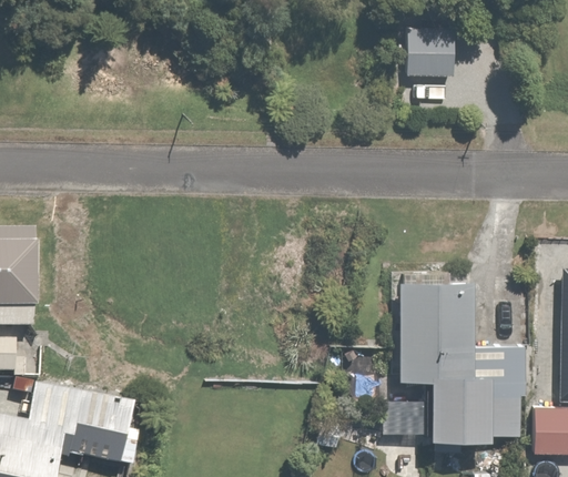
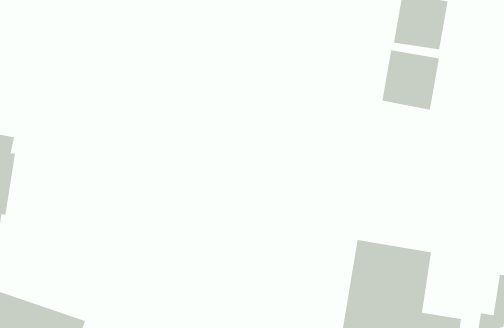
building: none -> [382,50,439,111]

